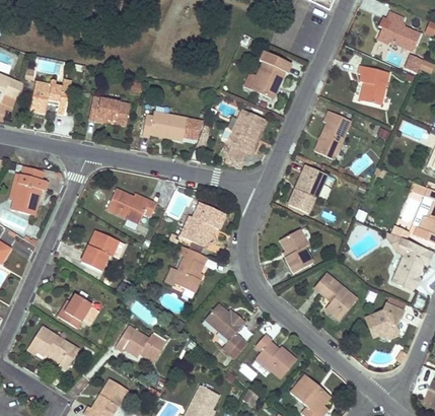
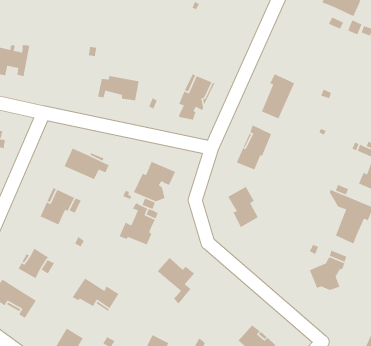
building: [250,52,291,99] -> none
building: [358,65,389,106] -> none
building: [88,96,130,124] -> none
building: [314,273,357,320] -> none
building: [256,334,297,378] -> none

